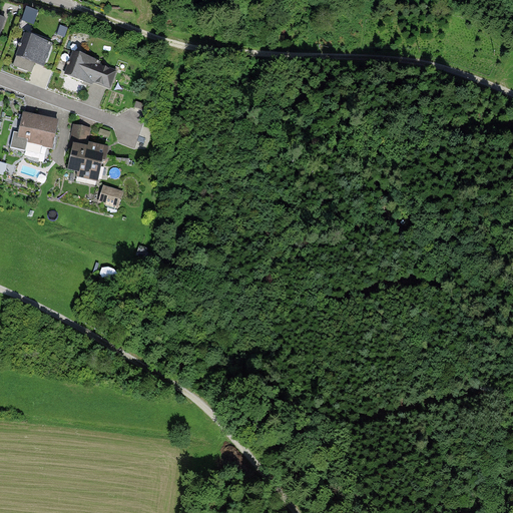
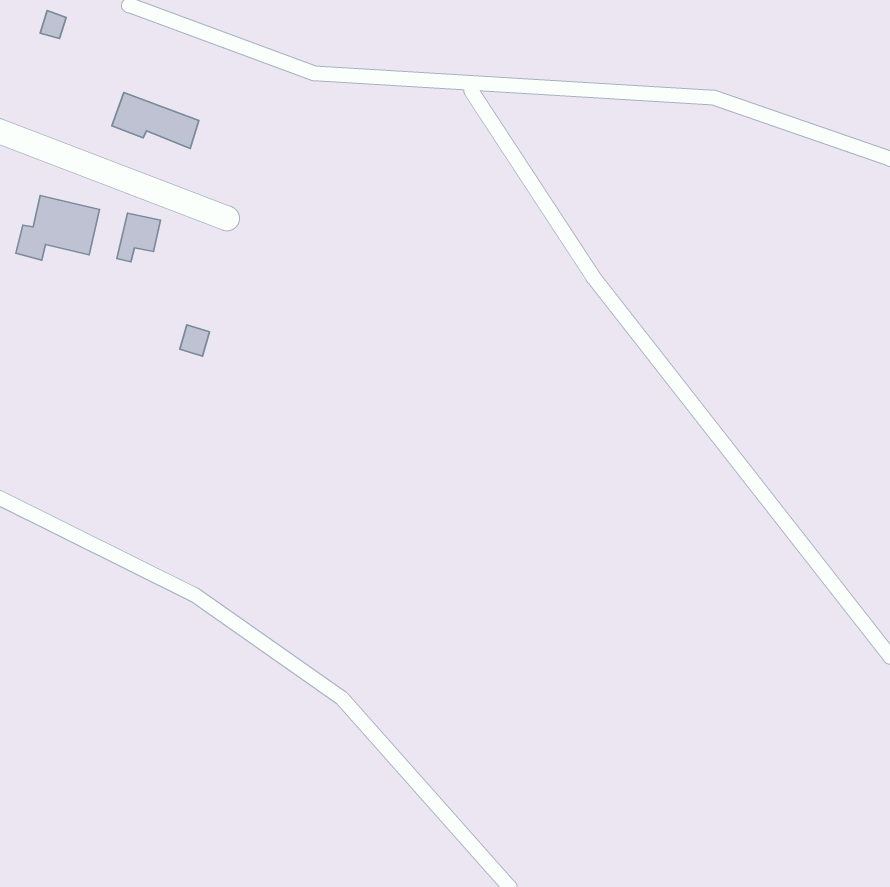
building: [13,36,50,70] -> none
building: [70,142,107,175] -> none

